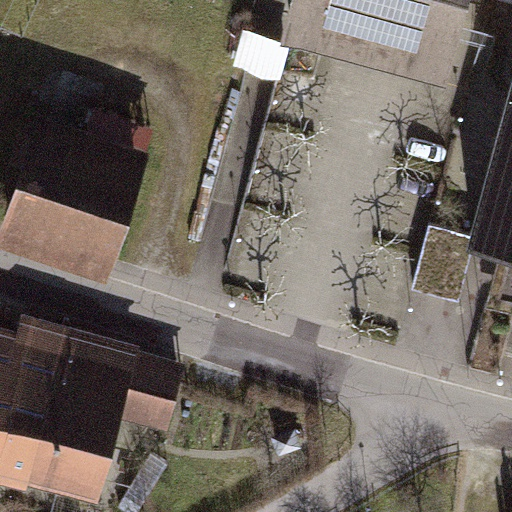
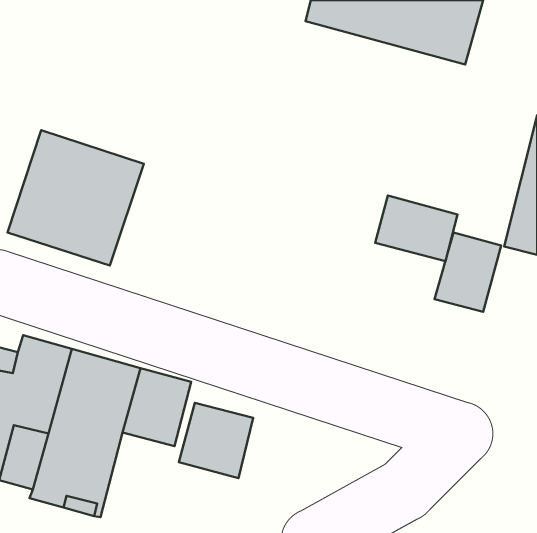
building: none -> [375,196,458,261]
building: none -> [179,403,253,478]

